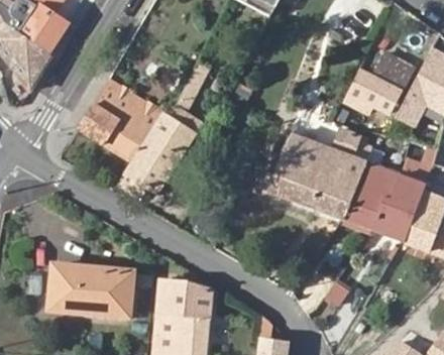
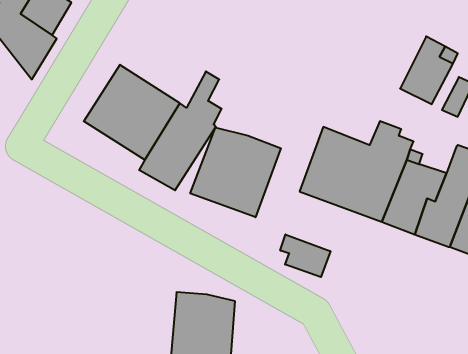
building: none -> [190,127,281,217]
building: none -> [280,234,330,277]
building: [49,265,132,315] -> none

